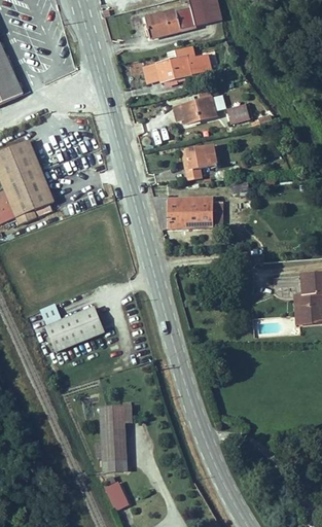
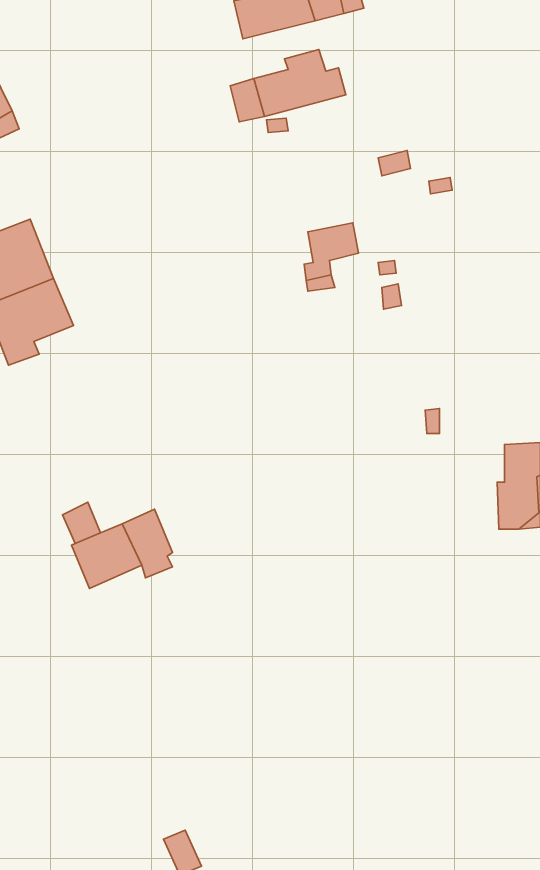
building: [175,96,217,121] -> none
building: [162,197,225,233] -> none
building: [107,405,136,469] -> none

